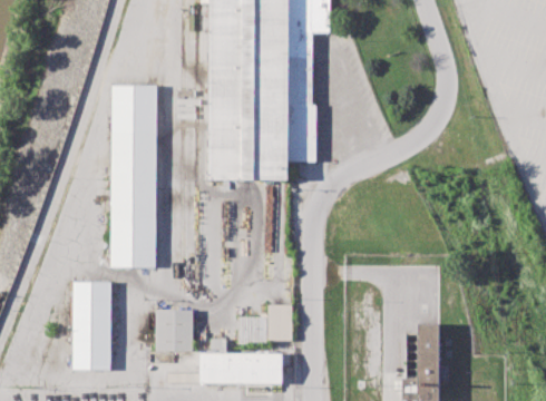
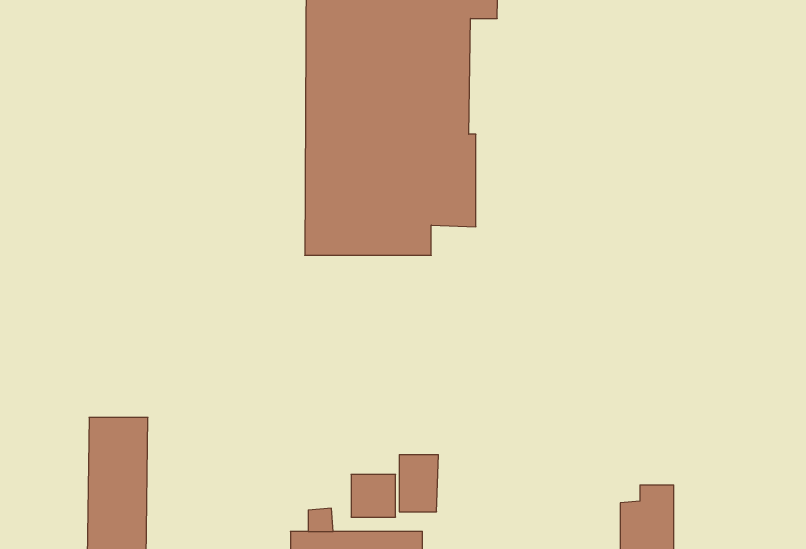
building: [110,86,156,267] -> none
building: [155,310,193,352] -> none

